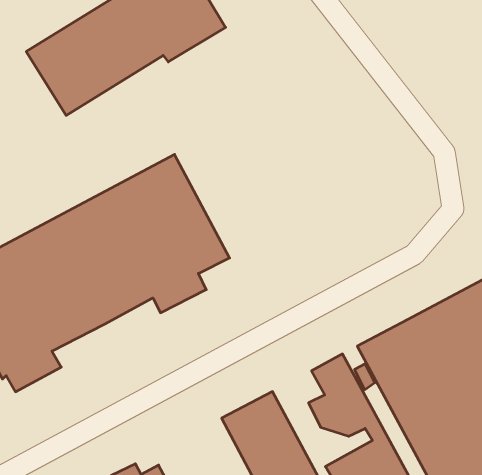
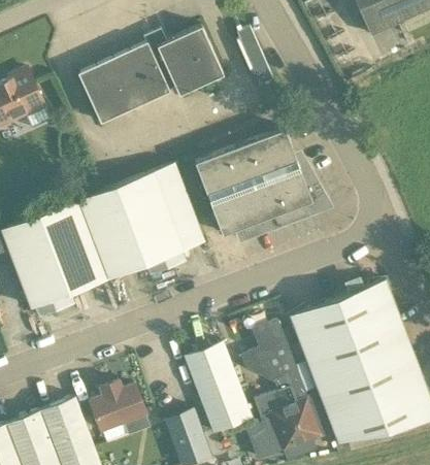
building: none -> [195,129,334,243]

